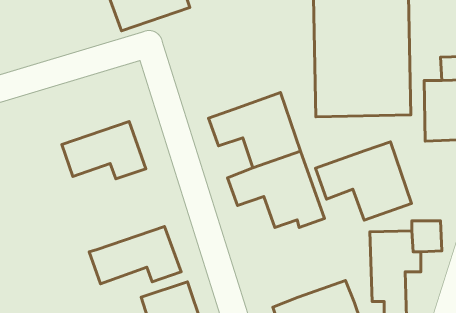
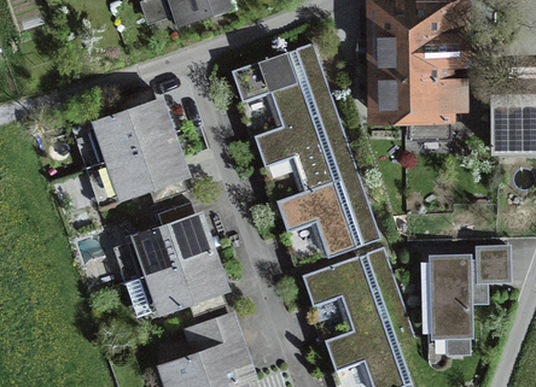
building: none -> [233,41,333,124]
building: none -> [83,86,168,163]
building: [315,142,412,220] -> [299,244,404,329]
building: none -> [122,200,206,277]

